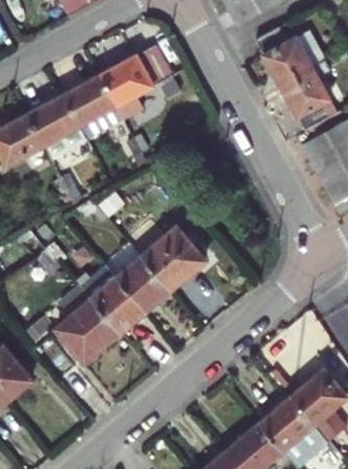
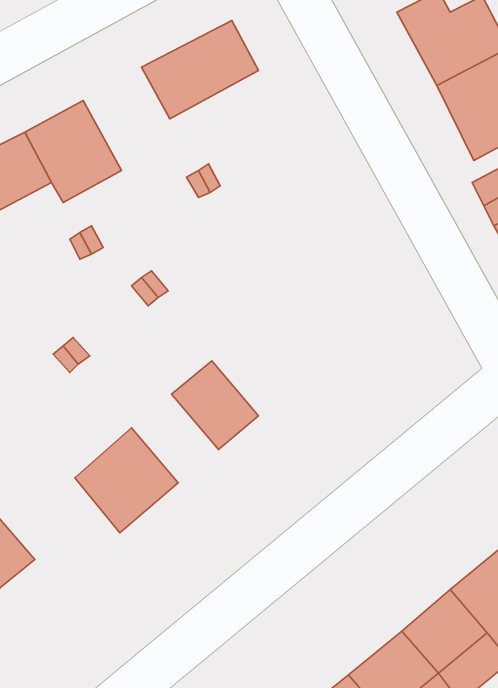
building: [63,75,123,139] -> none
building: [142,225,207,290] -> none
building: [93,277,146,331] -> none

